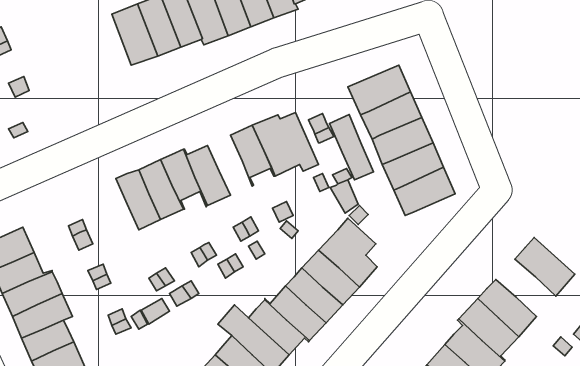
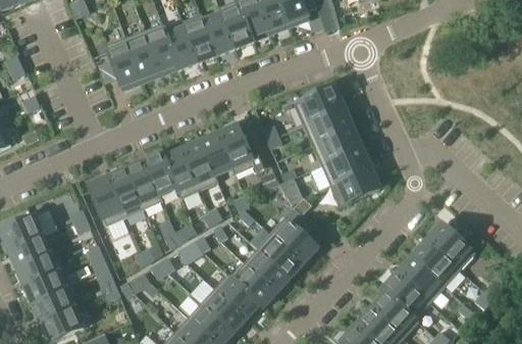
building: [329,115,373,180] -> none
building: none -> [180,142,216,190]
building: none -> [87,177,125,227]
building: none -> [411,241,459,287]

